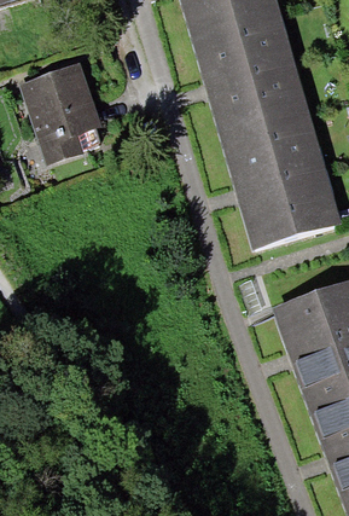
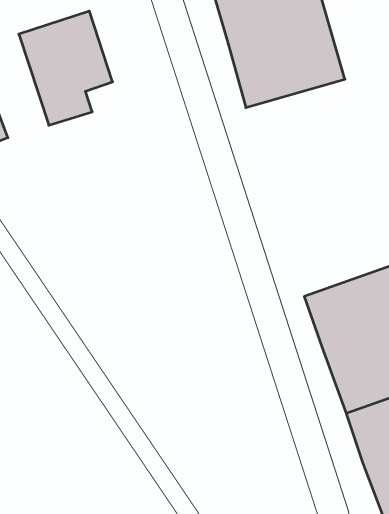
building: [221,120,337,244] -> none

